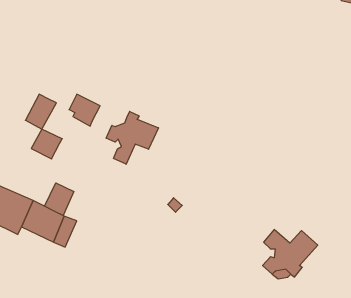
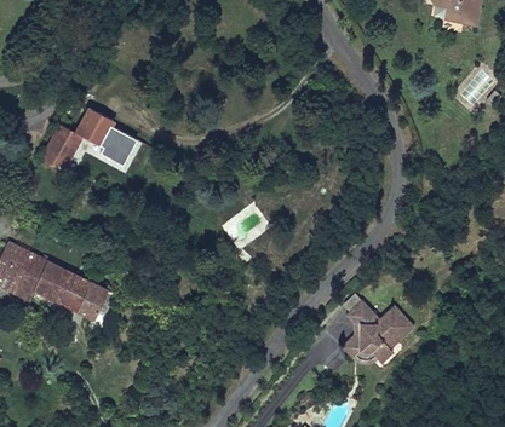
building: [106,111,158,164] -> none
building: [31,129,62,159] -> [74,110,113,148]
building: [45,183,74,215] -> none

